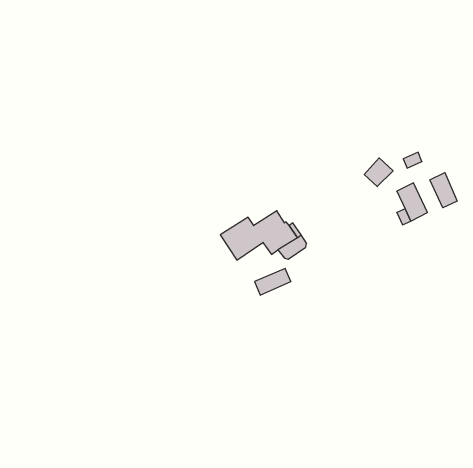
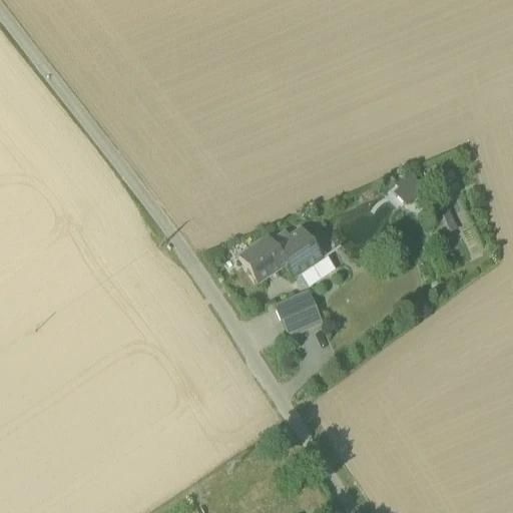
building: [430,173,457,208] -> none
building: none -> [283,304,322,334]

